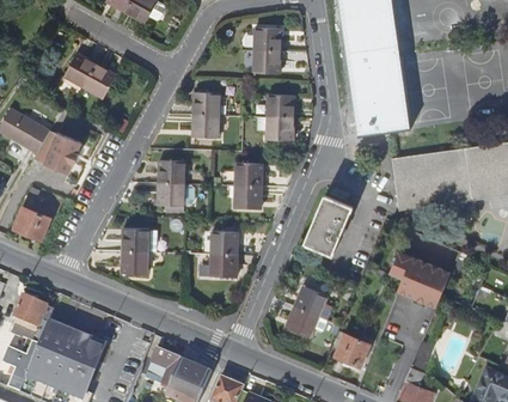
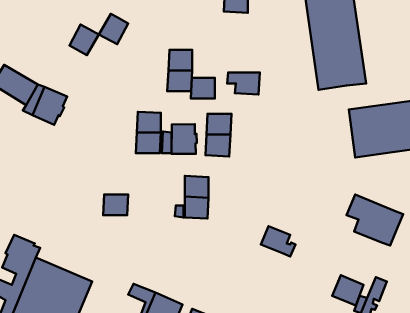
building: [252,49,280,73] -> none
building: [63,53,96,86] -> [99,14,128,44]
building: [267,93,293,116] -> [191,78,215,99]
building: none -> [172,124,197,154]
building: [304,195,351,254] -> none
building: [13,206,50,239] -> none
building: [122,227,148,250] -> none
building: [286,305,318,336] -> none
building: [333,333,368,366] -> [332,275,364,306]

